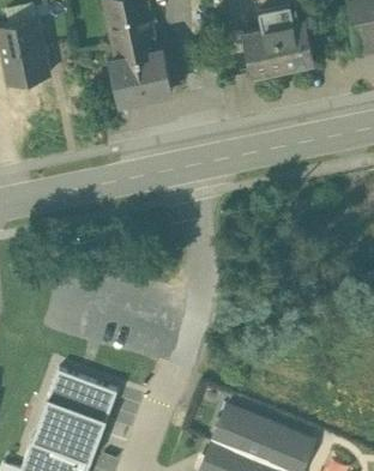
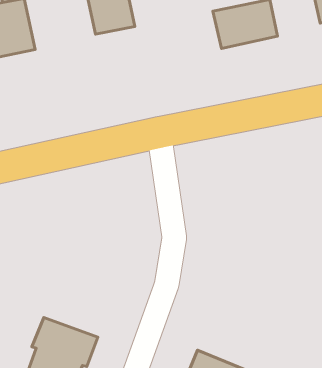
building: [110,50,173,103] -> none

